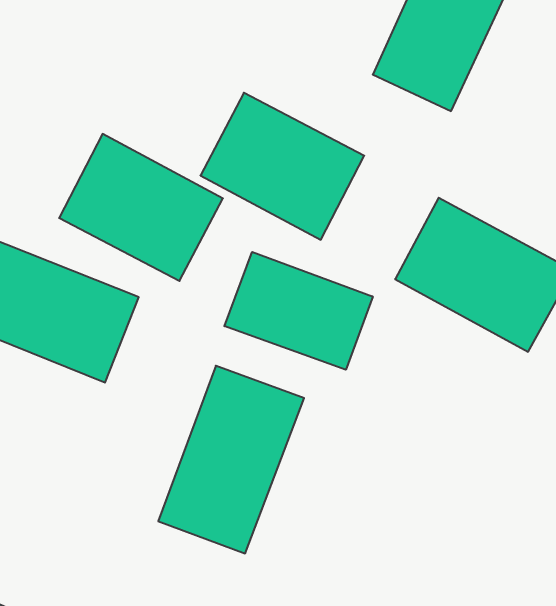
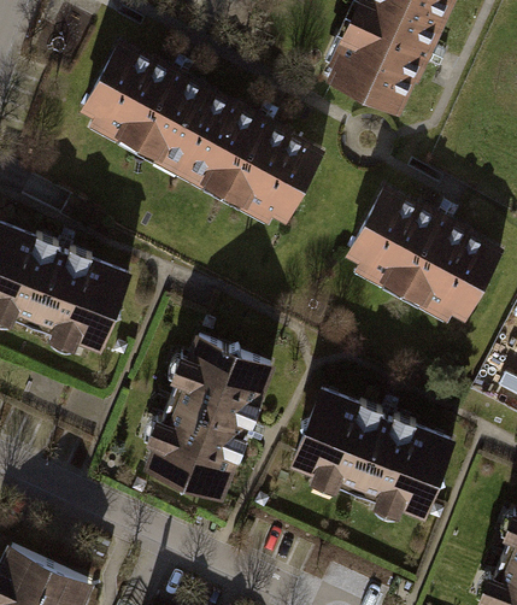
building: [59,134,223,281] -> [75,46,216,172]
building: [224,252,373,370] -> none
building: none -> [289,387,448,512]

